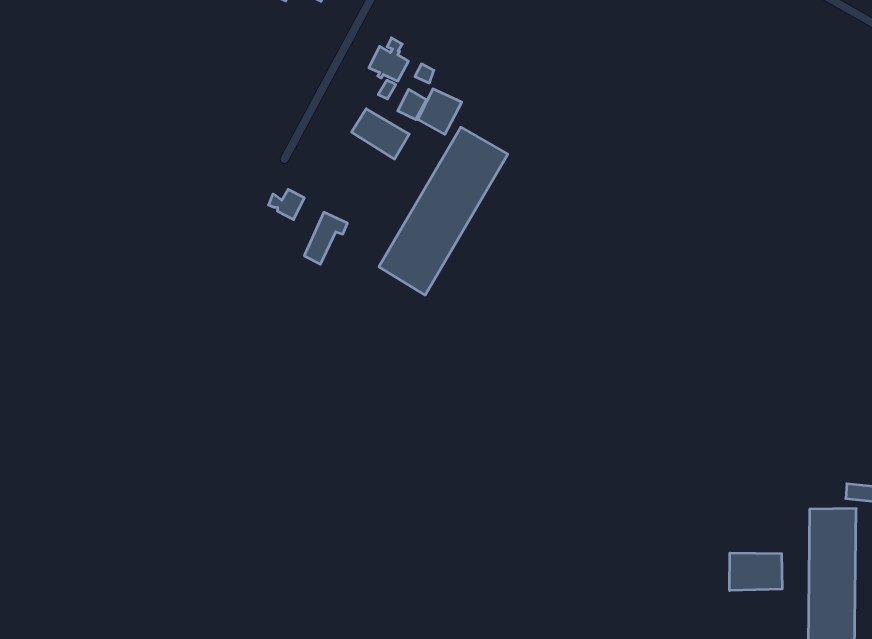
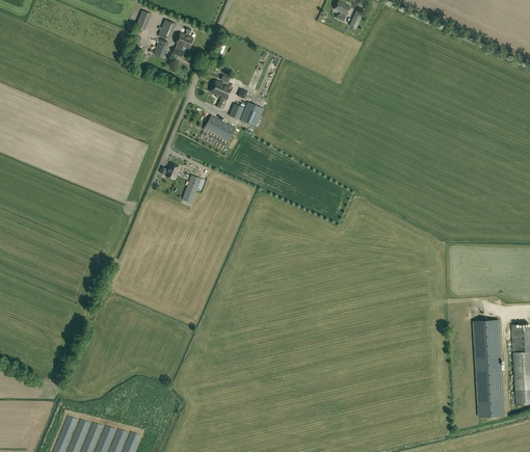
building: [379,127,508,295] -> none
building: [730,553,782,591] -> none

